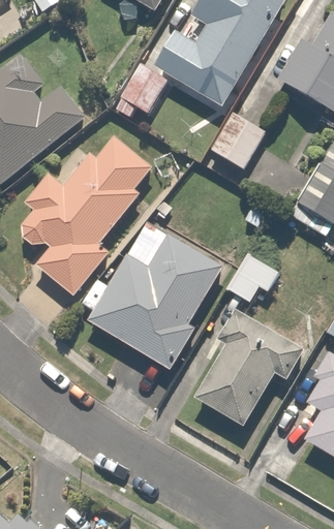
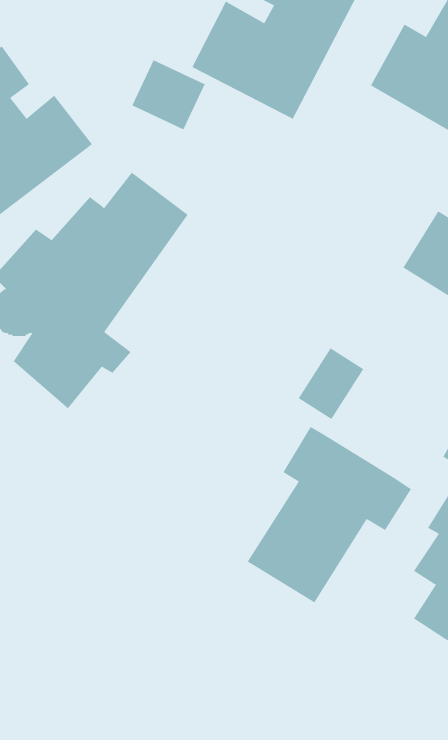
building: [211,112,266,169] -> none
building: [84,224,239,371] -> none

